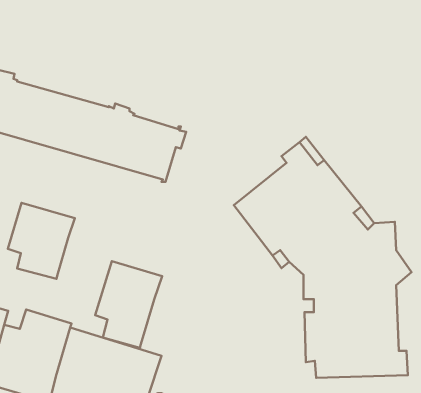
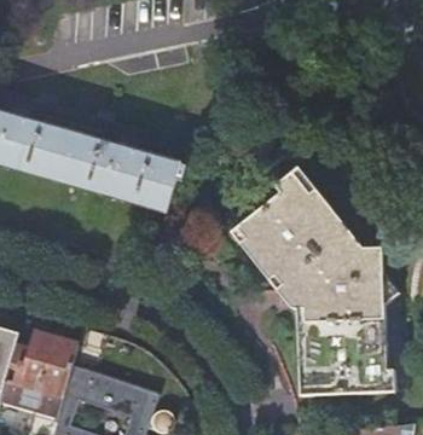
building: [8,203,75,279] -> none
building: [95,261,162,348] -> none

